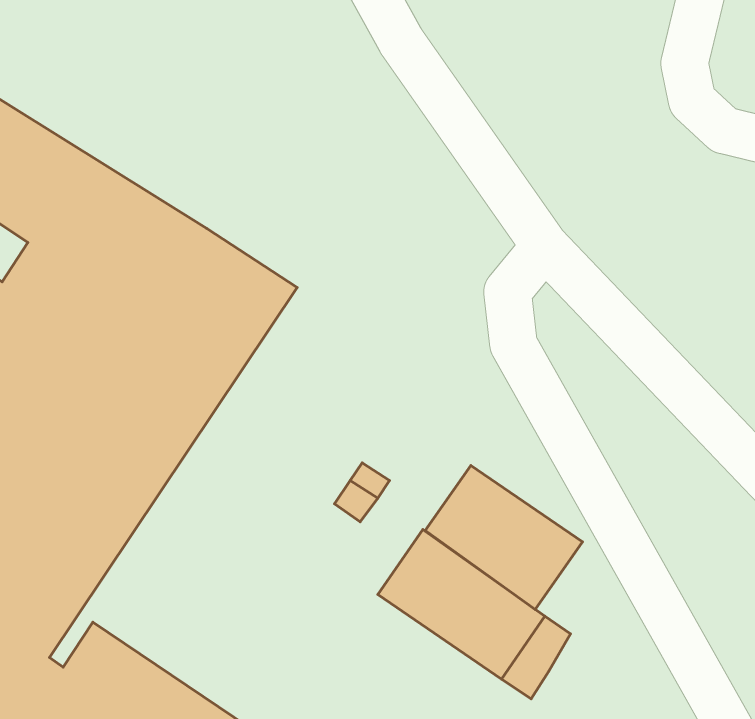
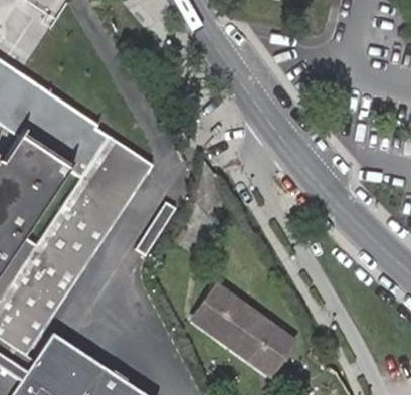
building: [425,466,582,609] -> none

